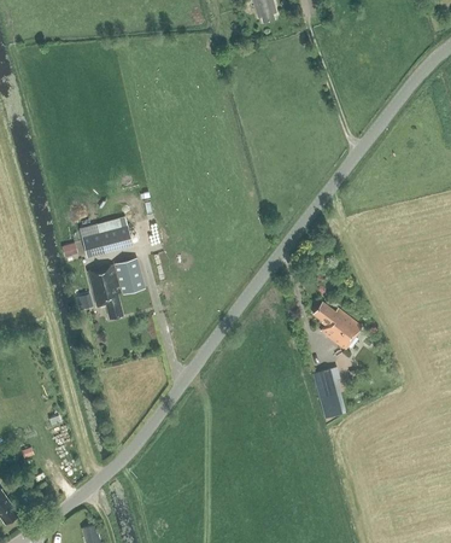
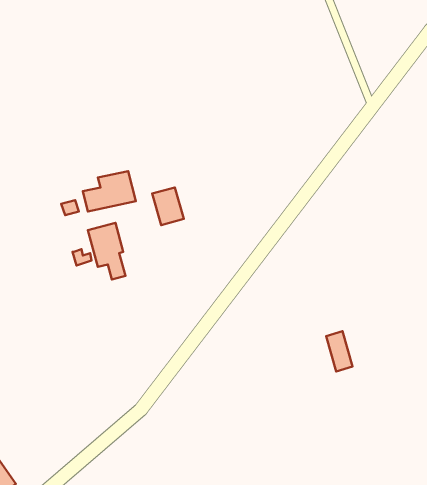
building: [115,258,145,294] -> [152,187,184,225]
building: [314,302,362,349] -> none

